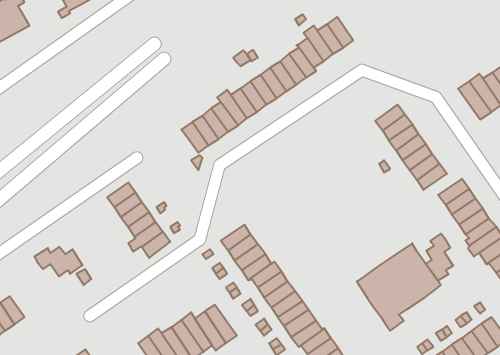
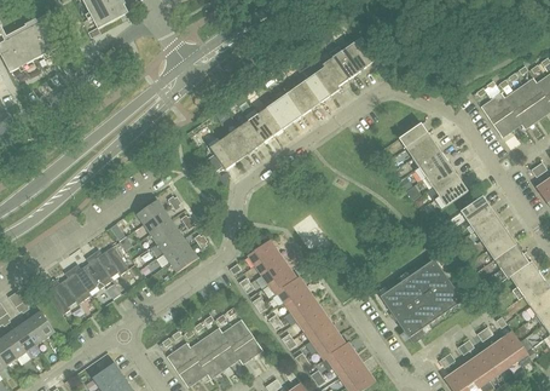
building: none -> [85,245,128,276]
building: [426,234,453,281] -> none
building: none -> [42,276,89,314]

